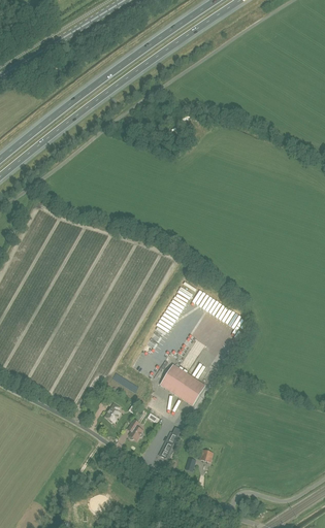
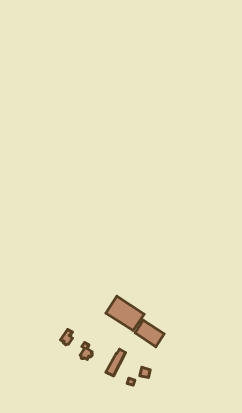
building: none -> [135,320,164,347]

